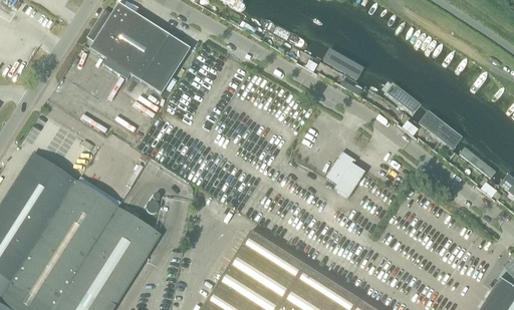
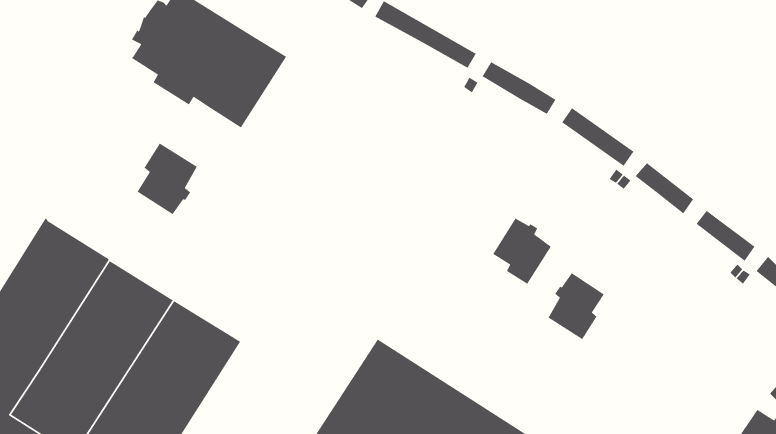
building: none -> [136,142,198,215]
building: none -> [548,272,605,340]

